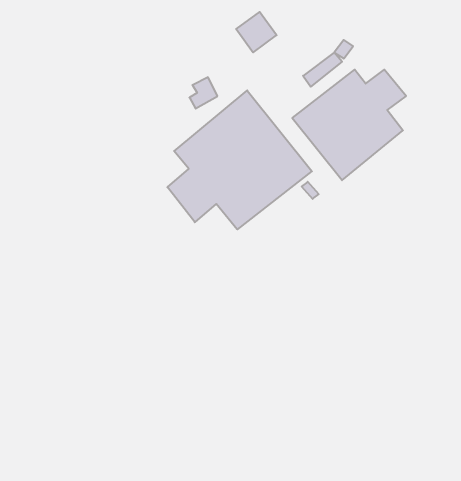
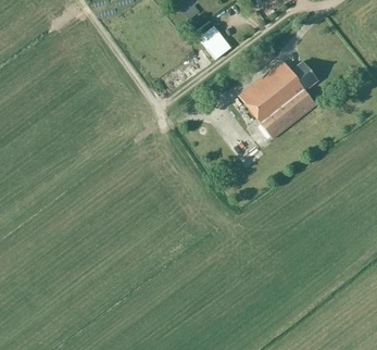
building: [167,90,312,229] -> none

